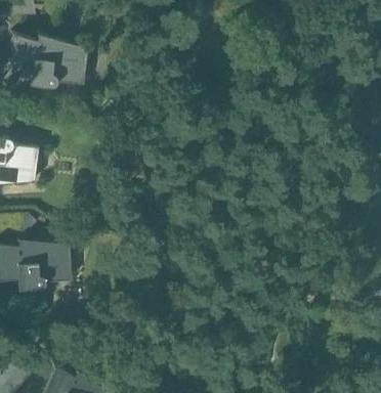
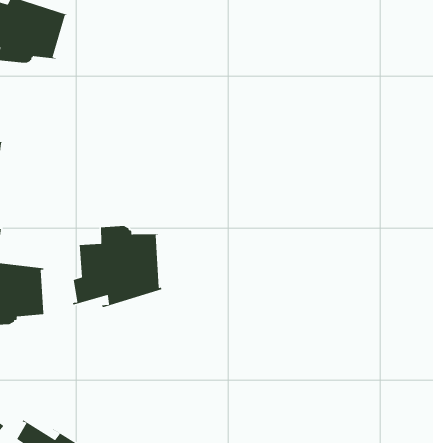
building: none -> [72,225,162,308]

